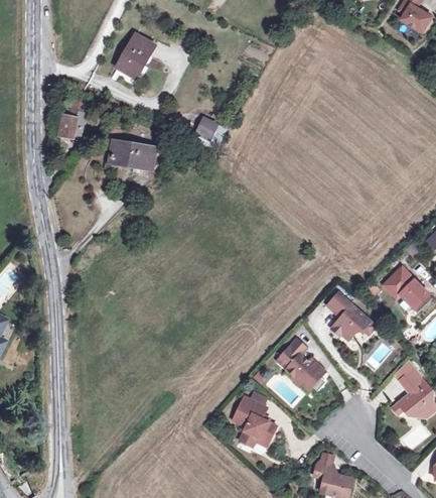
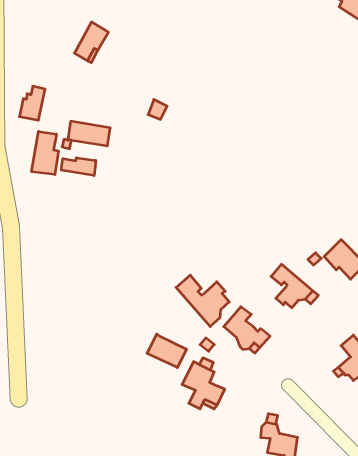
building: none -> [32,131,58,175]
building: none -> [61,158,96,176]
building: none -> [176,275,229,327]
building: none -> [147,334,186,368]

